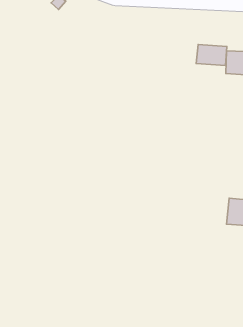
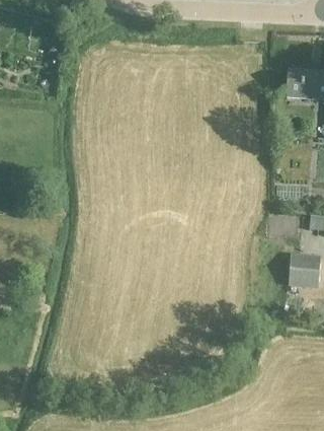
building: [196,44,227,66] -> none

